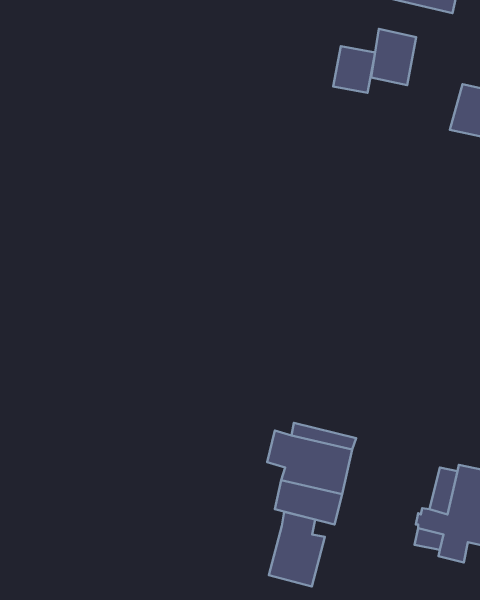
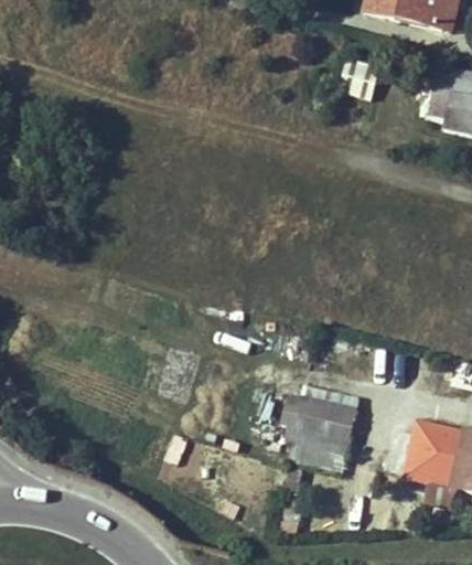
building: [371,29,416,85] -> none
building: [269,512,325,586] -> none

